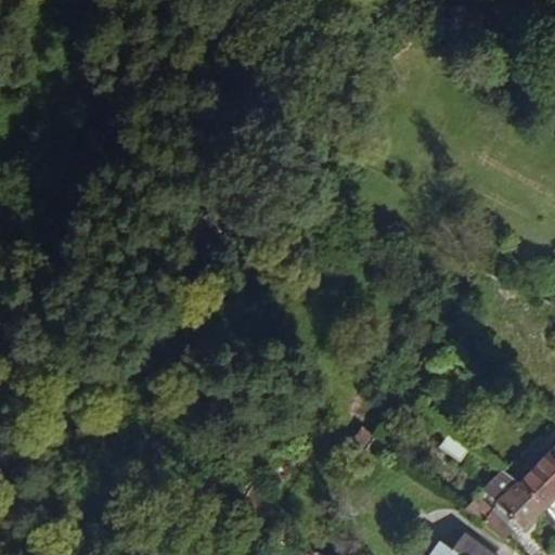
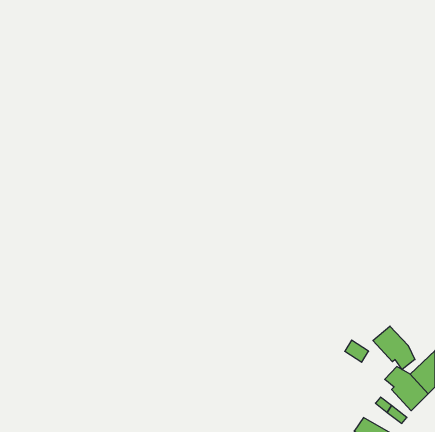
building: none -> [373,326,415,370]

